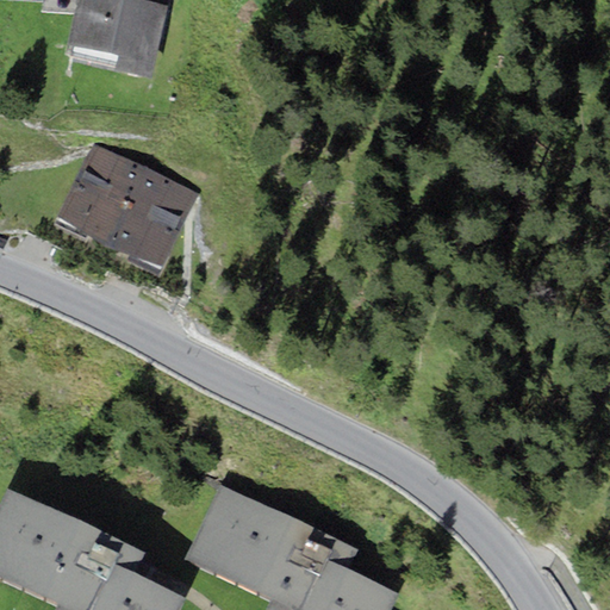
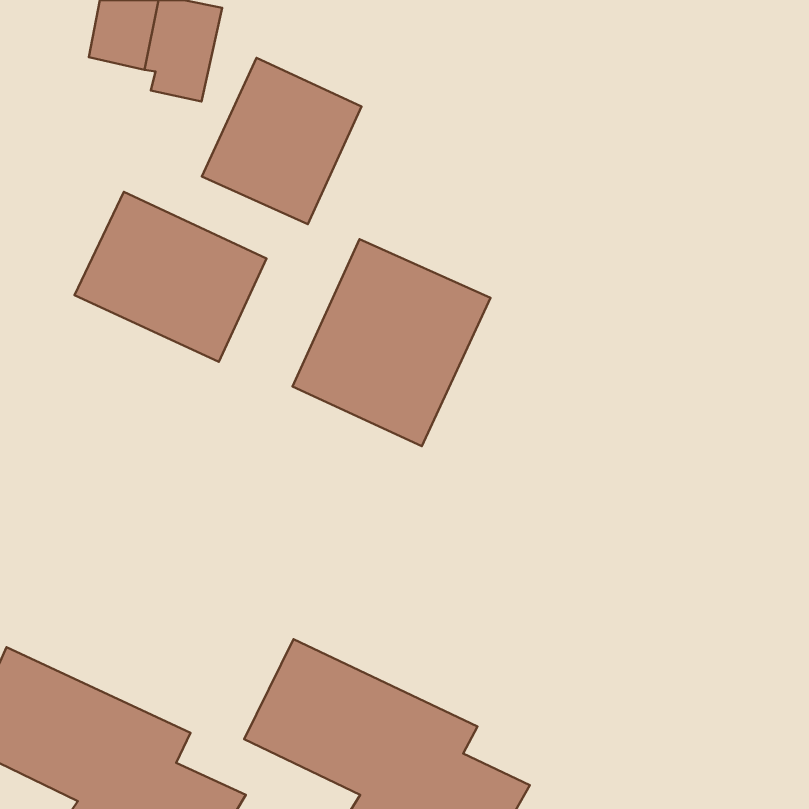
building: none -> [202,58,361,224]
building: none -> [293,239,490,446]

